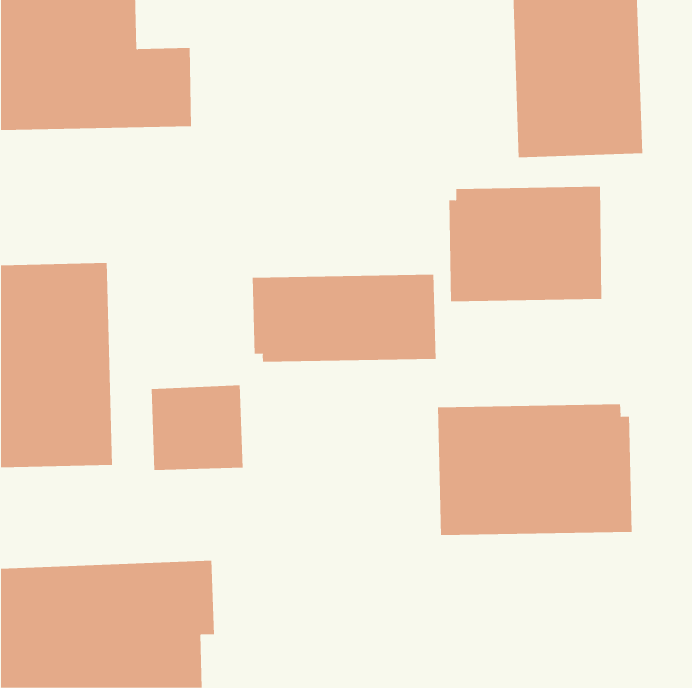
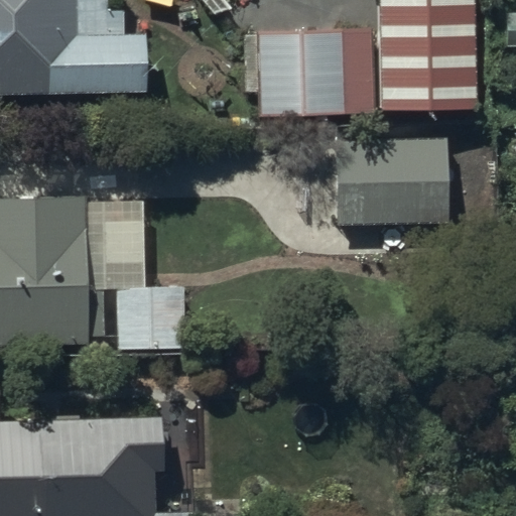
building: none -> [244,27,370,117]
building: [252,274,436,363] -> none
building: [437,404,632,536] -> none

